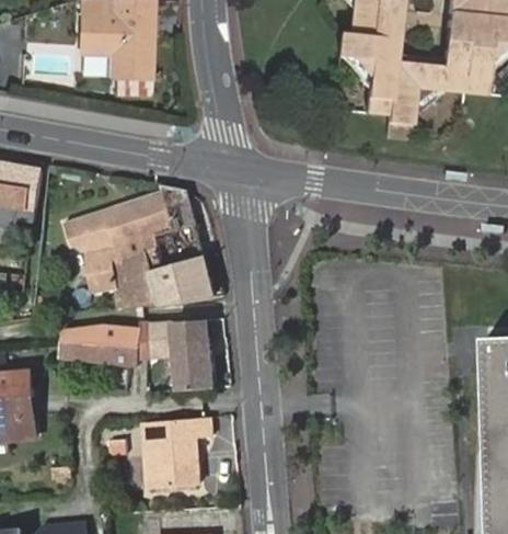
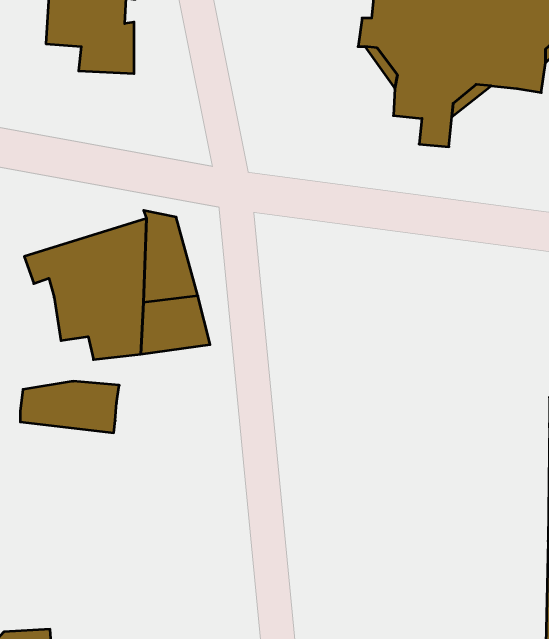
building: [137,319,213,389] -> none
building: [143,421,212,490] -> none

